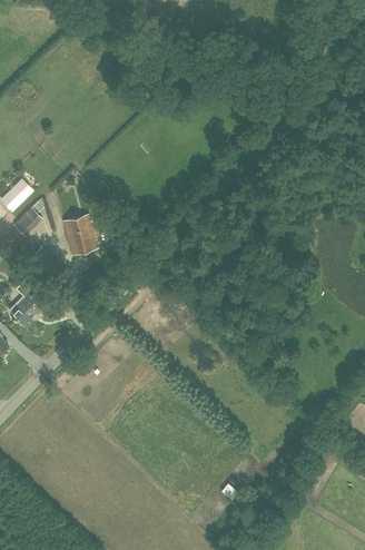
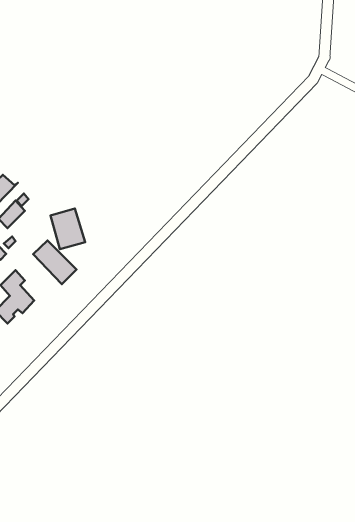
building: none -> [33,240,77,284]

